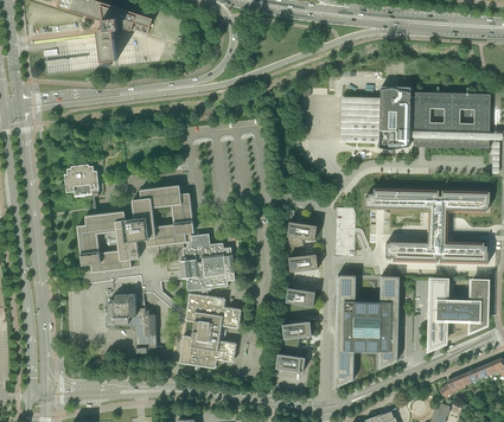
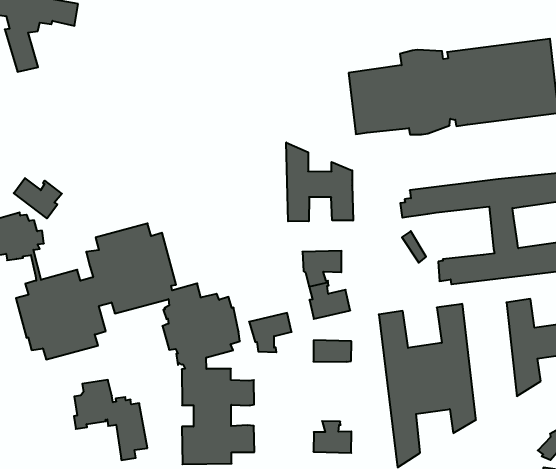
building: none -> [14,178,62,218]
building: none -> [286,142,353,221]
building: [281,320,311,347] -> [249,313,292,352]

